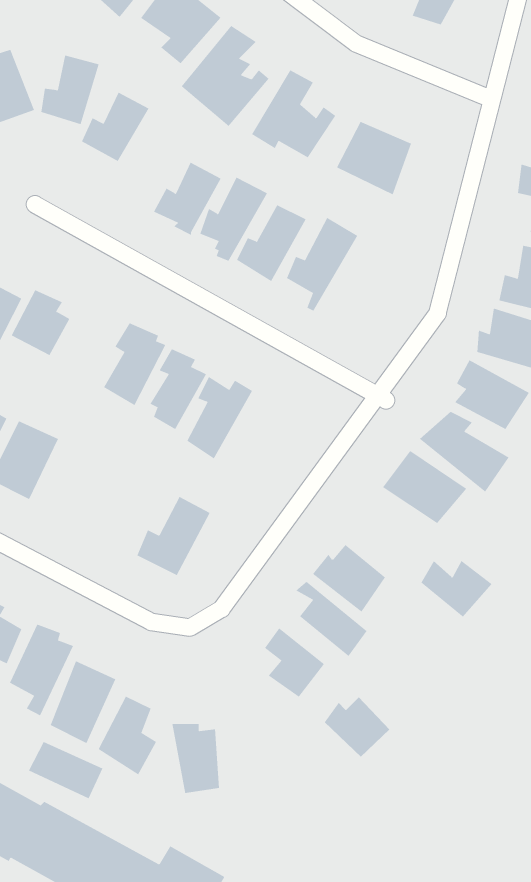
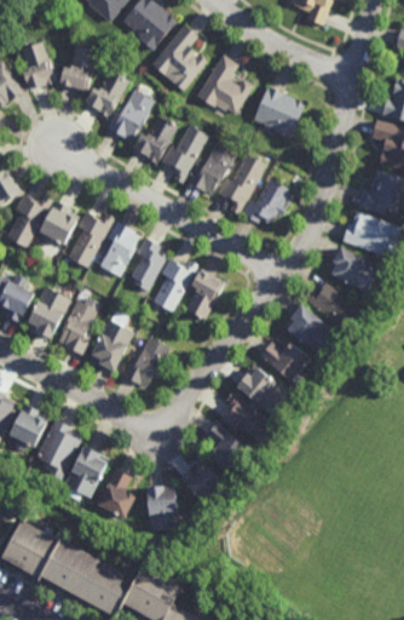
building: none -> [108,91,154,140]
building: none -> [241,179,288,228]
building: none -> [68,213,115,268]
building: none -> [189,270,225,320]
building: none -> [58,300,98,355]
building: none -> [88,320,133,373]
building: [421,560,493,618] -> [261,343,308,380]
building: [324,696,390,757] -> [178,461,221,501]
building: [28,741,103,799] -> none

